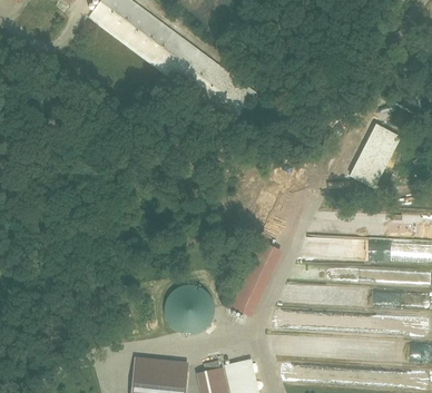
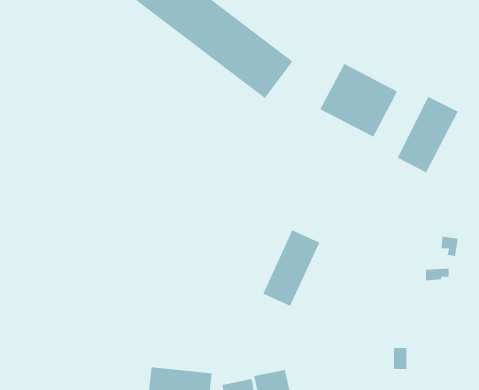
building: none -> [320,63,398,138]
building: [165,284,218,340] -> none

